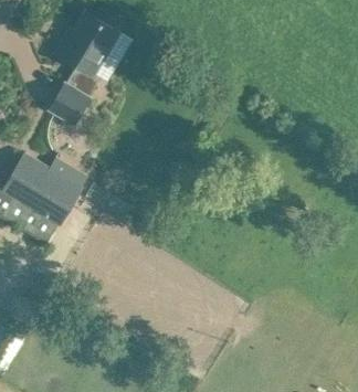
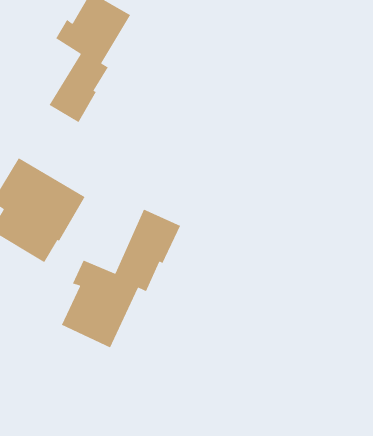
building: none -> [61,208,181,349]

